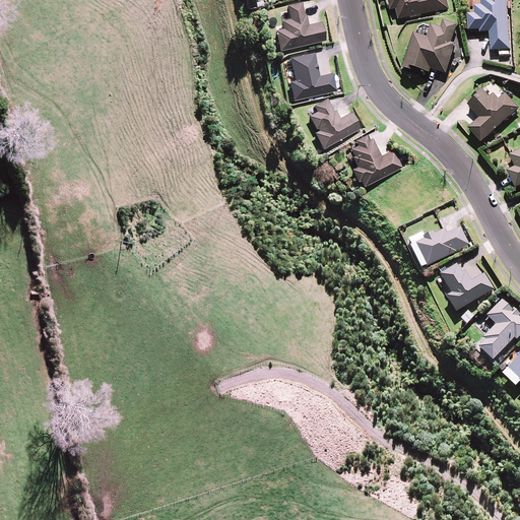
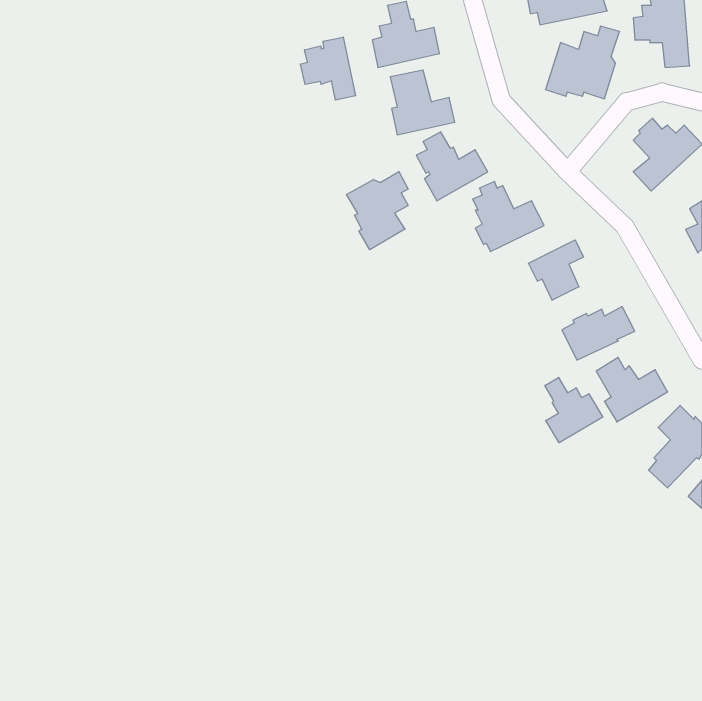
building: none -> [300,37,356,100]
building: none -> [347,171,408,250]
building: none -> [528,240,584,300]
building: none -> [545,377,603,443]

